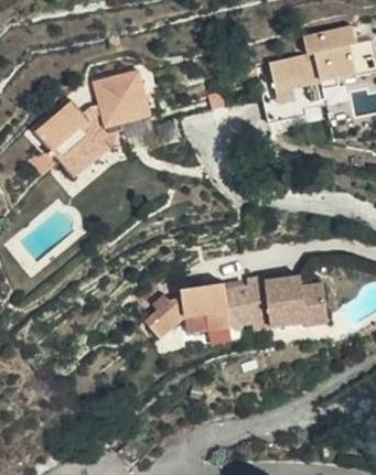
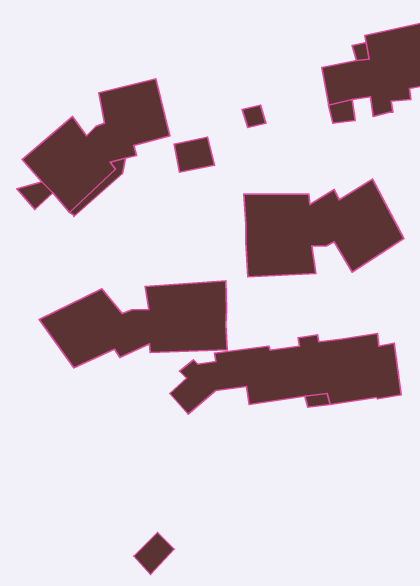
building: none -> [244,179,404,277]
building: none -> [39,281,227,368]

